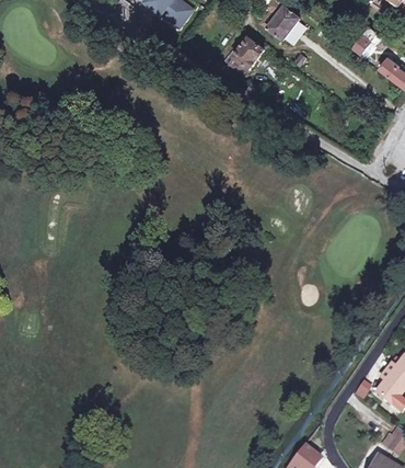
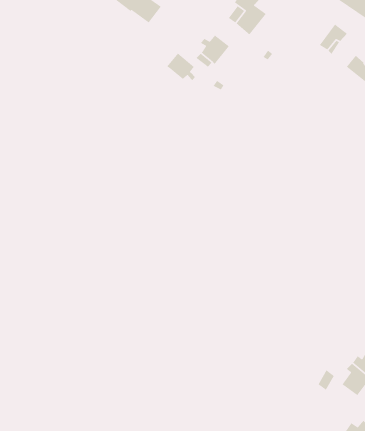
building: none -> [166,52,196,81]

